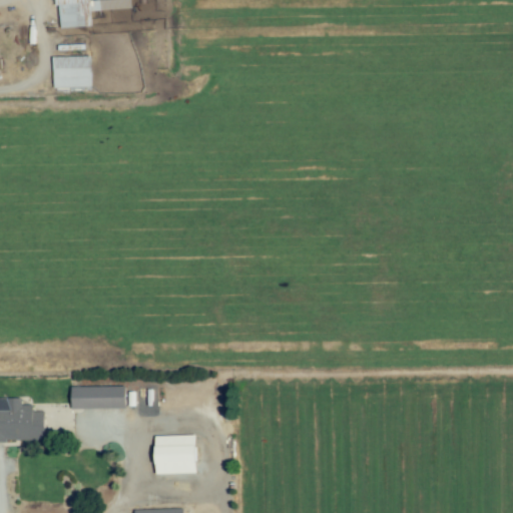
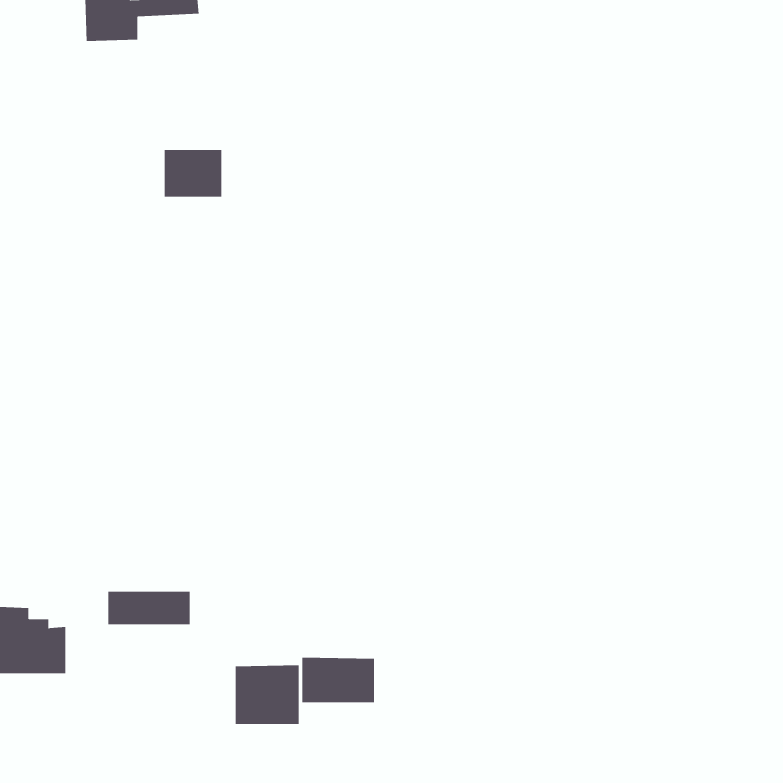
building: [52,56,90,87] -> [164,150,222,197]
building: none -> [302,657,375,703]

